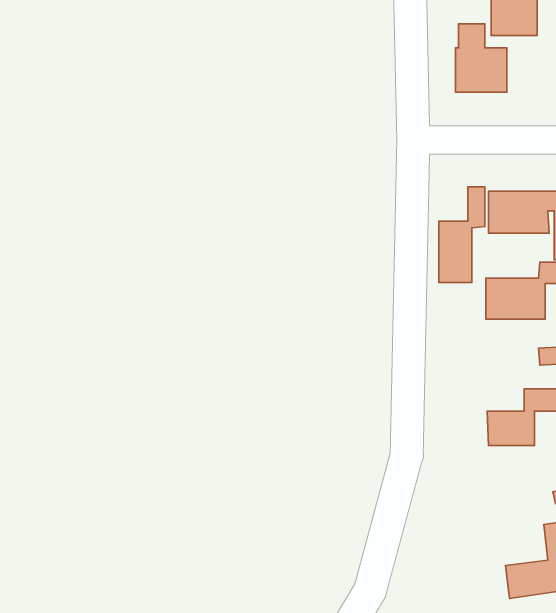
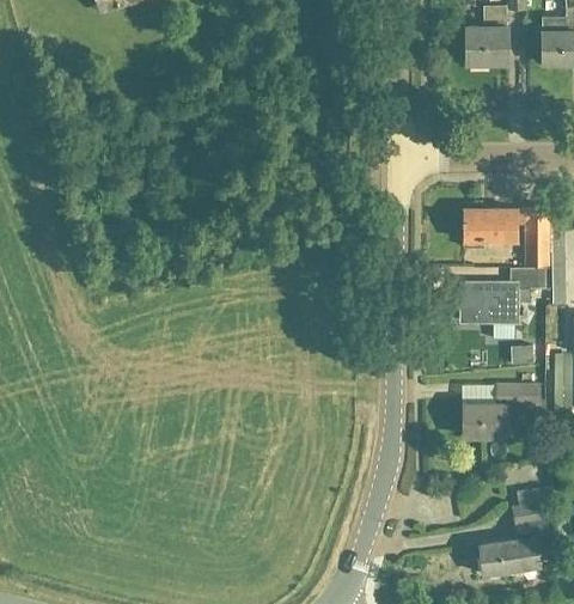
building: [456,24,507,92] -> none
building: [439,187,485,282] -> none

